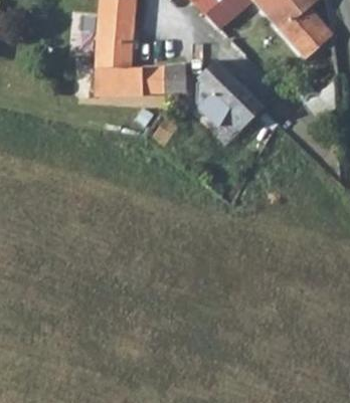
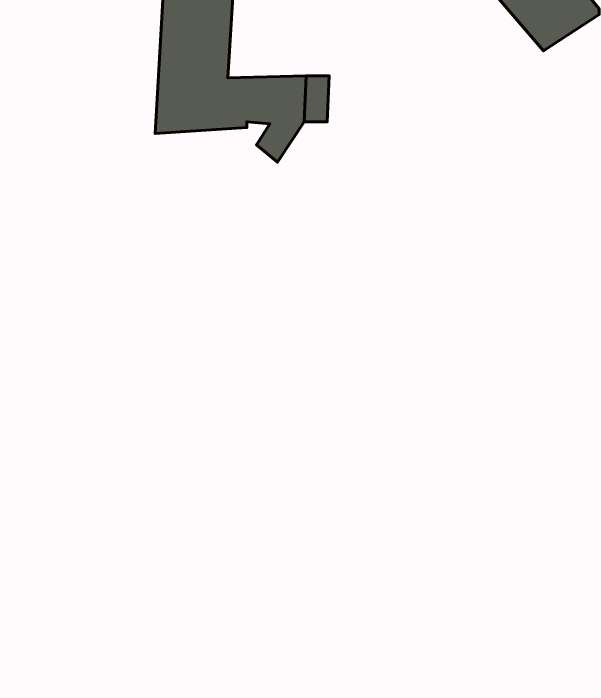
building: [198,60,262,130] -> none

